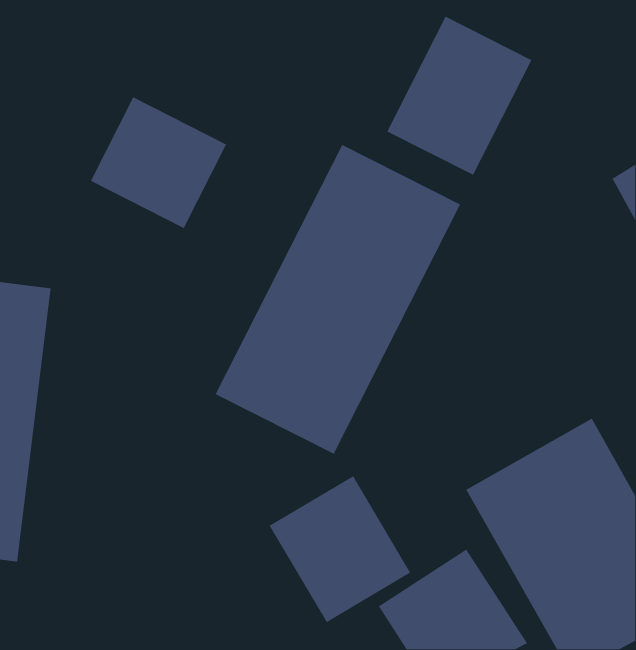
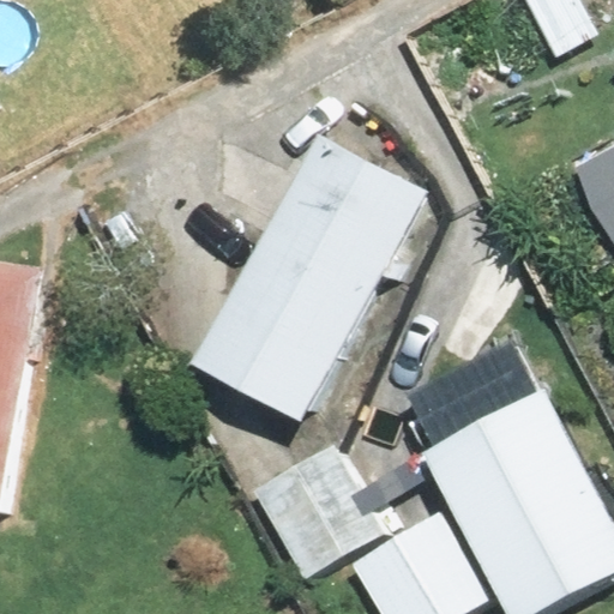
building: [386,16,532,176] -> none
building: [90,96,227,229] -> none

